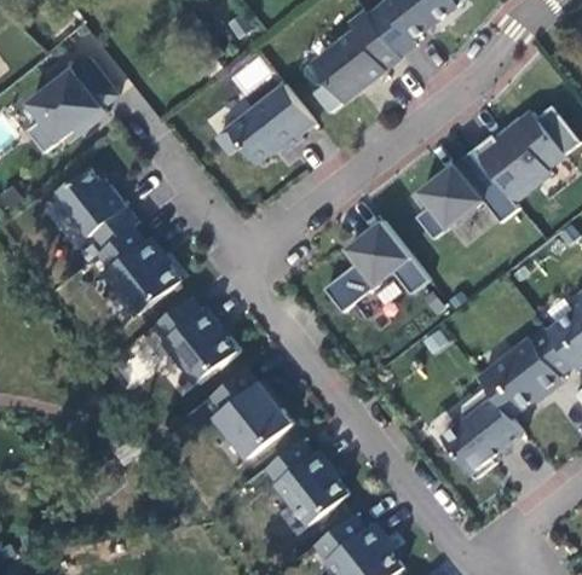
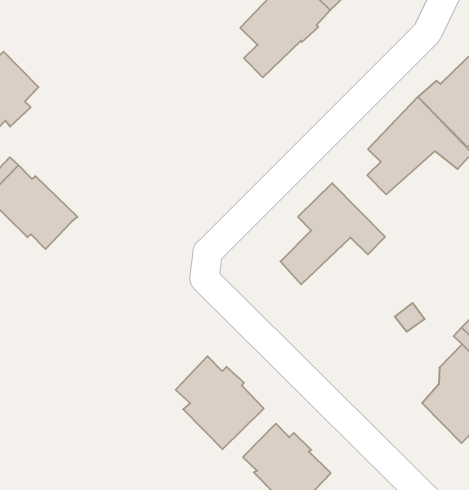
building: [215,85,313,164] -> none
building: [97,226,178,315] -> none
building: [152,297,234,383] -> none

